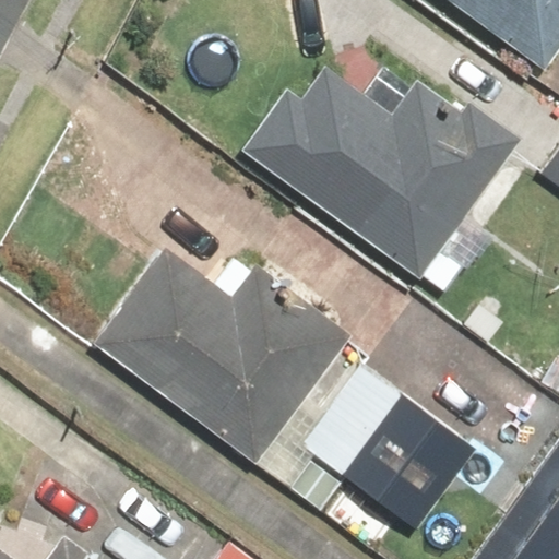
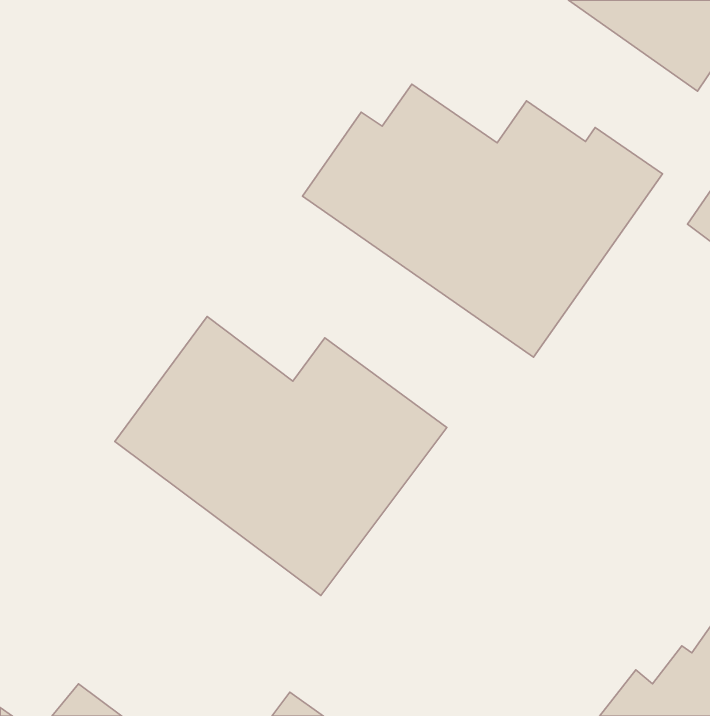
building: [292,365,479,537] -> none

